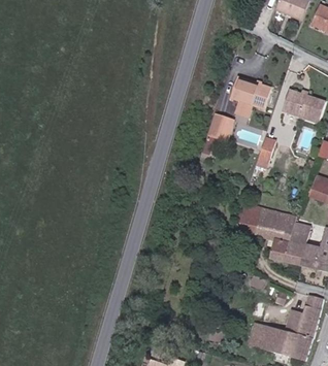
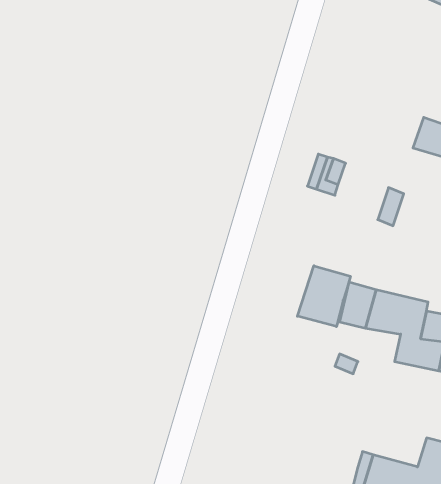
building: [231,79,270,119] -> none
building: none -> [297,266,350,327]

